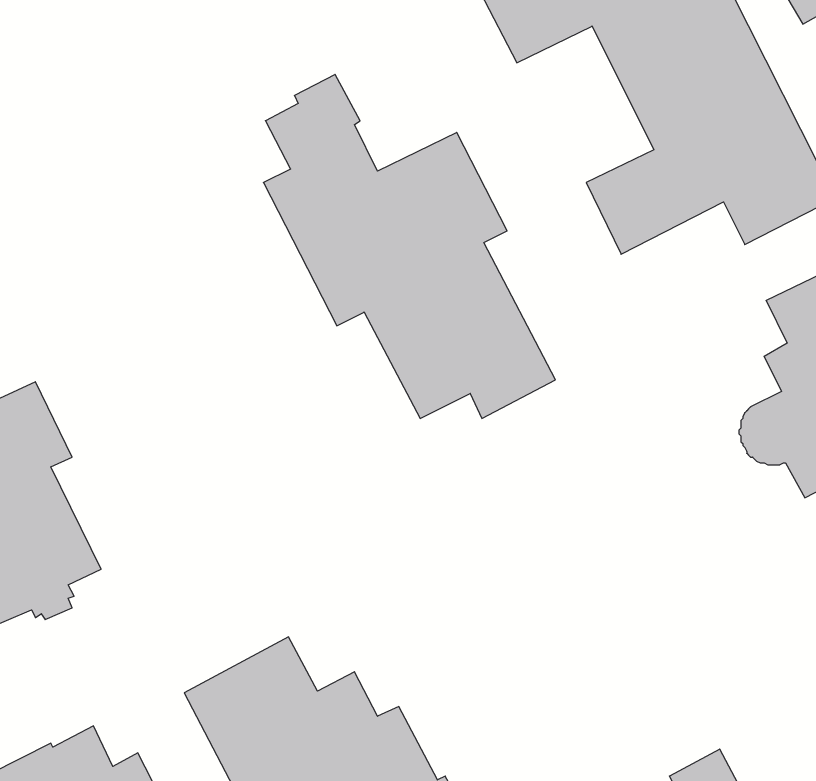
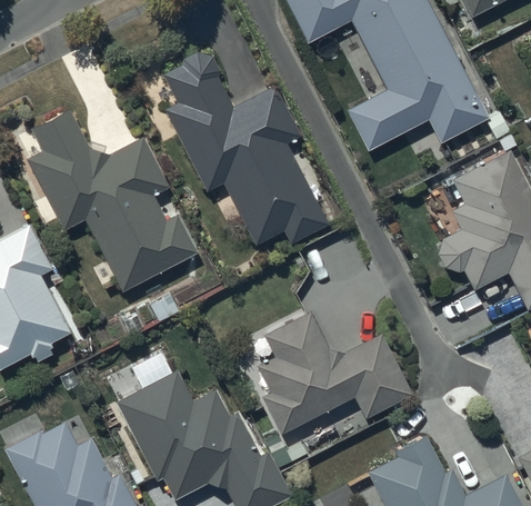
building: none -> [26,110,201,291]
building: none -> [258,312,412,437]

